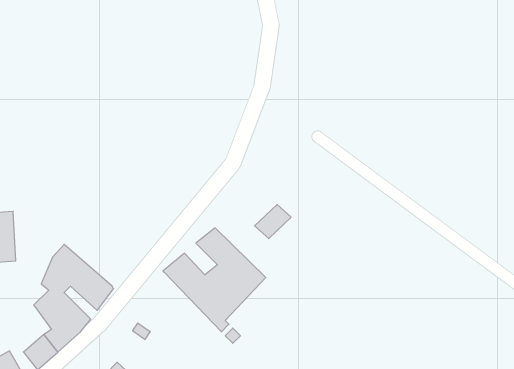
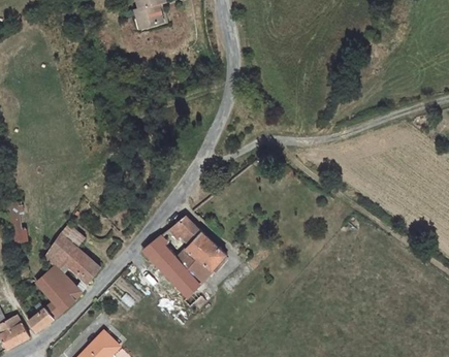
building: [255,204,291,239] -> none

